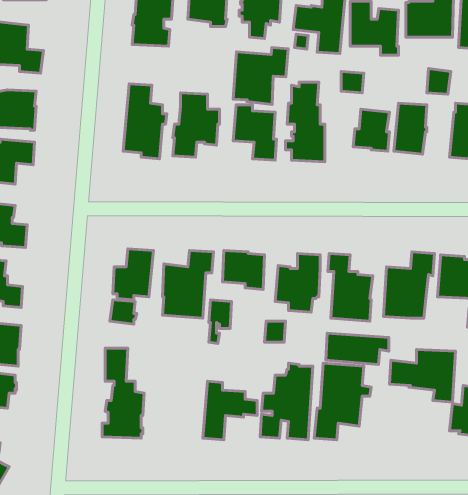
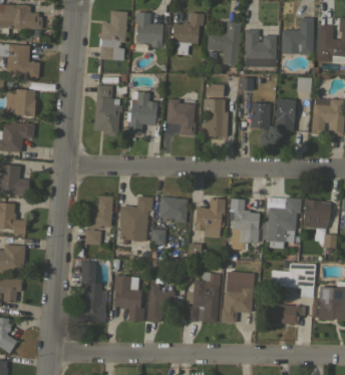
building: [233,48,288,104] -> none
building: [326,333,389,365] -> [263,304,305,325]
building: none -> [113,276,144,322]

